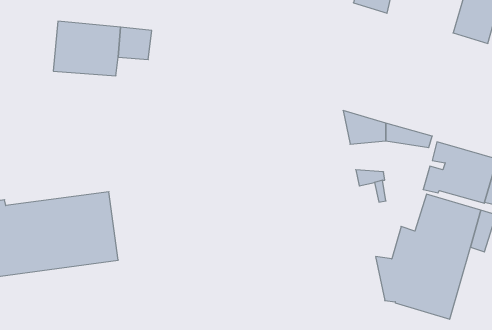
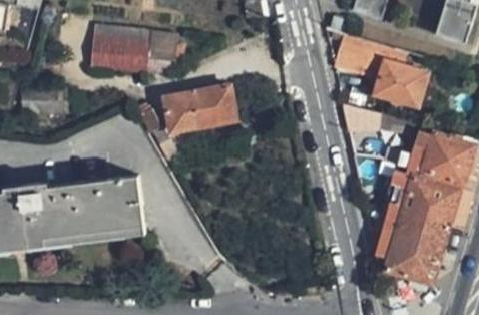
building: none -> [332,32,427,105]
building: none -> [161,85,234,132]

